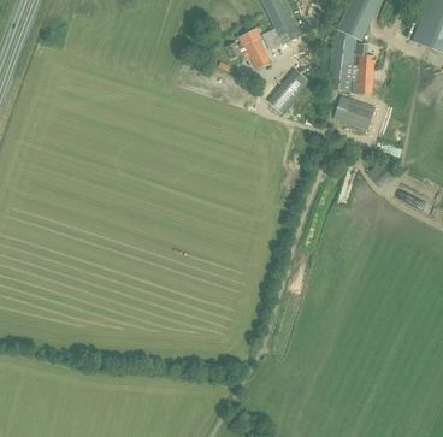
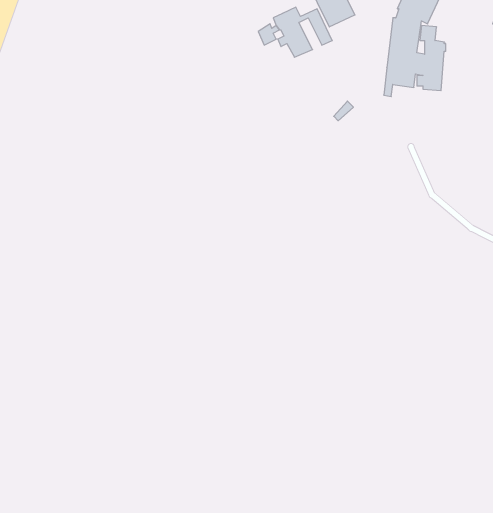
building: [268,69,309,113] -> none
building: [333,95,376,129] -> none

